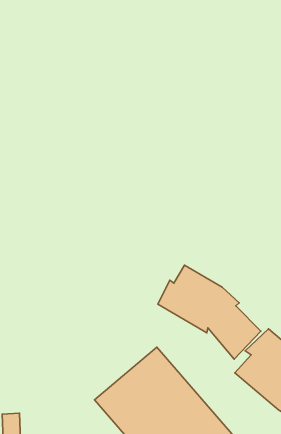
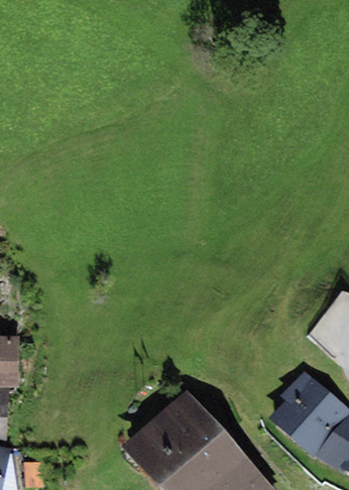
building: [158,265,261,359] -> none

